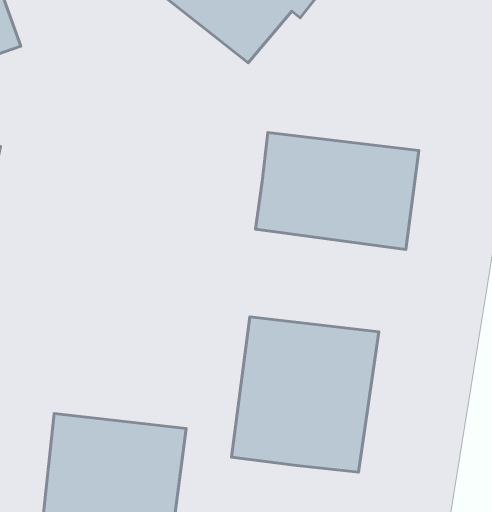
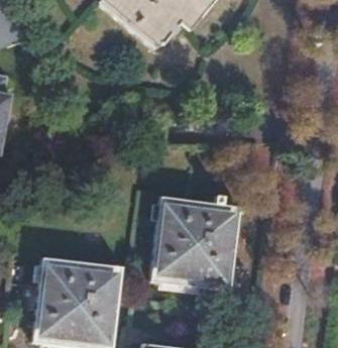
building: [255,132,419,250] -> none

